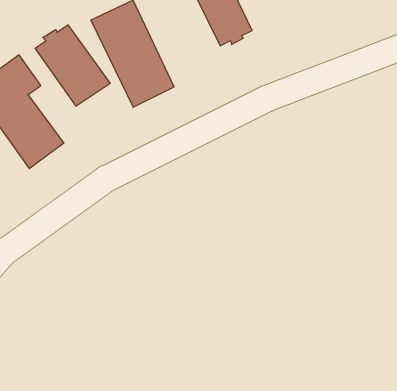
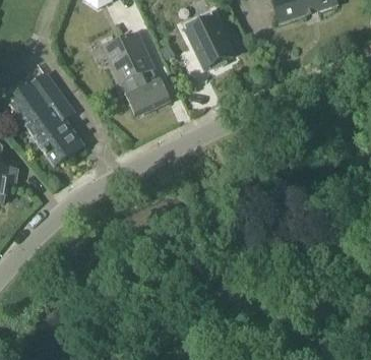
building: [35,25,110,106] -> none

